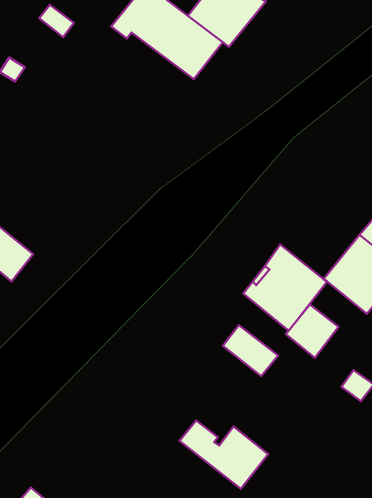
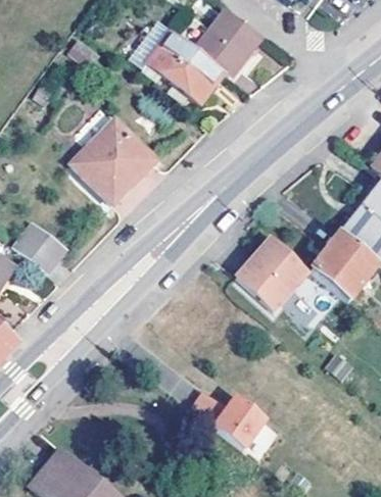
building: none -> [70,119,152,202]
building: [286,304,339,358] -> none
building: [223,325,278,376] -> none

